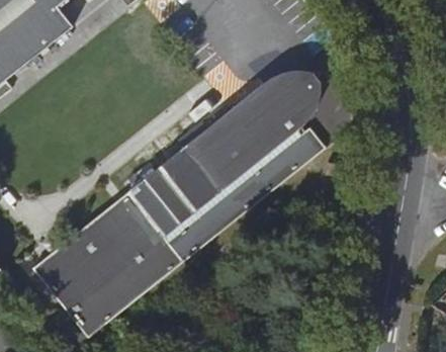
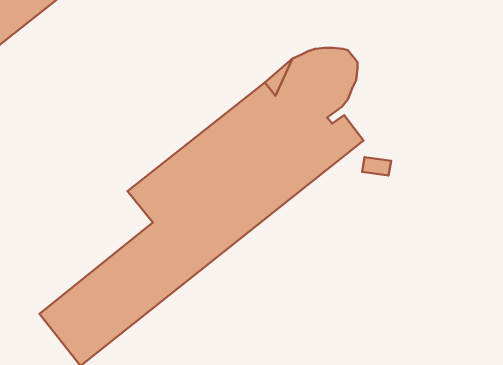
building: [32,191,149,294] -> none

